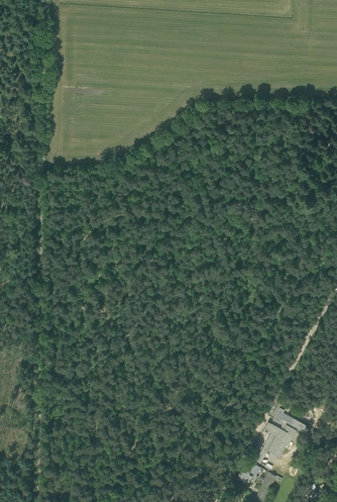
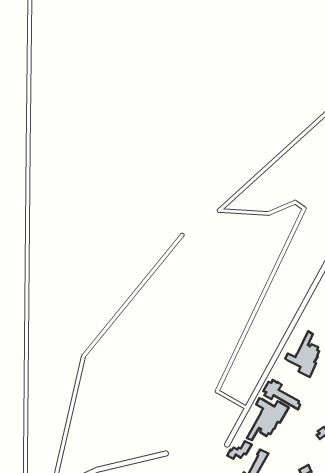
building: none -> [285,331,319,377]

